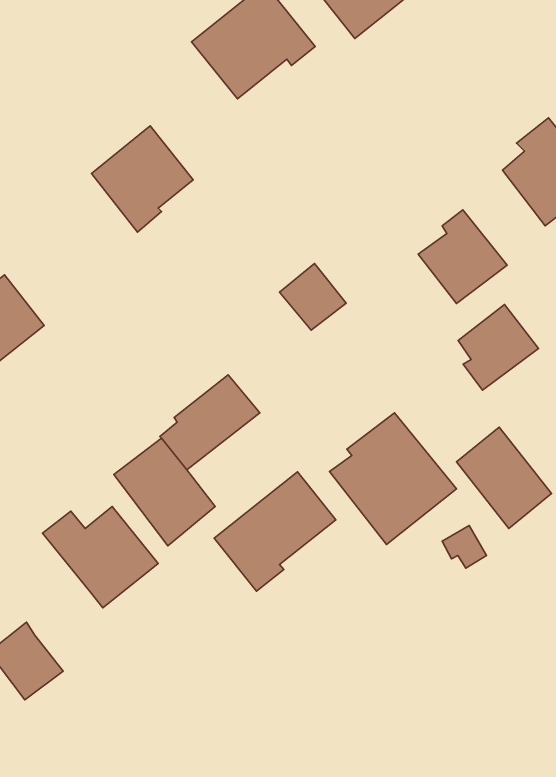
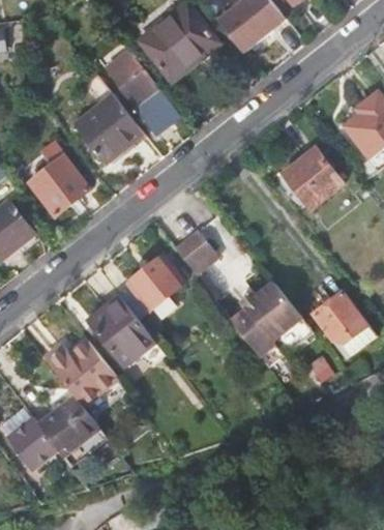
building: none -> [105,49,180,132]
building: none -> [27,143,89,215]
building: [280,264,346,330] -> [174,232,217,275]
building: [458,305,538,390] -> none
building: [214,472,336,591] -> none
building: none -> [37,399,98,458]

